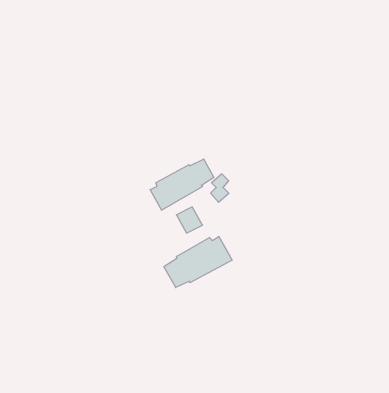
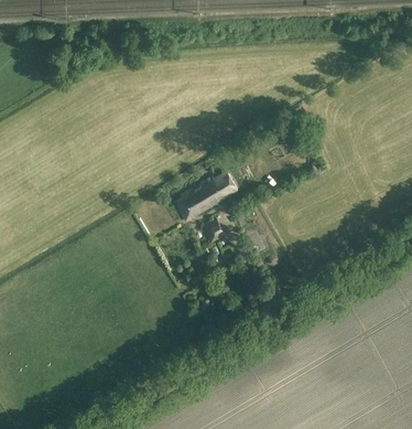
building: [164,236,232,288] -> none

